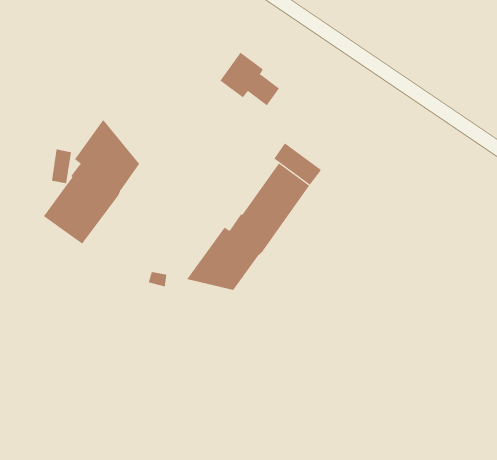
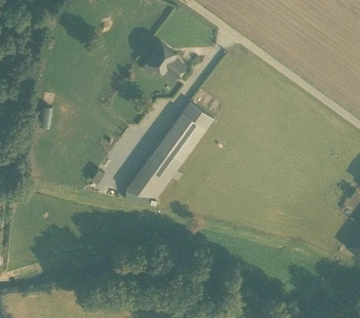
building: [36,119,140,244] -> none

